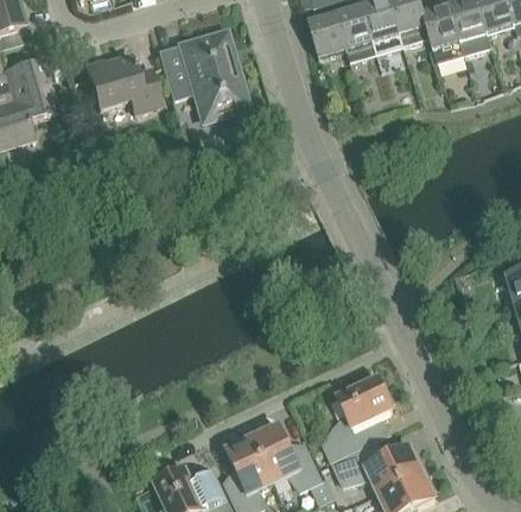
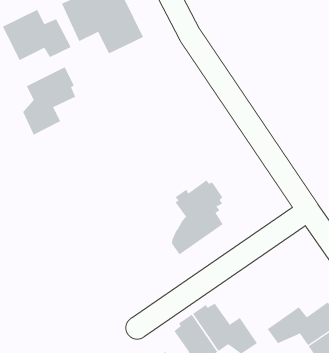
building: none -> [23,66,76,136]
building: [324,377,393,459] -> [171,179,223,255]

